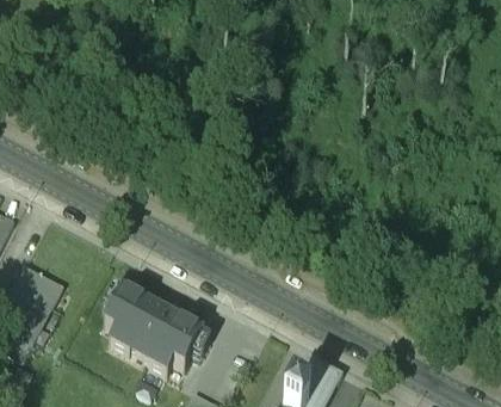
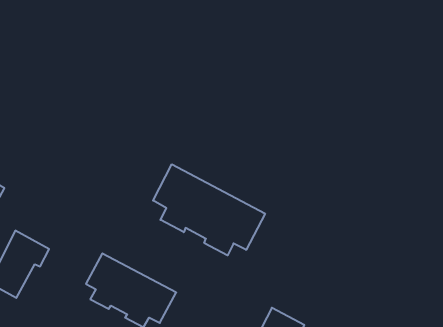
building: none -> [153,164,265,255]

